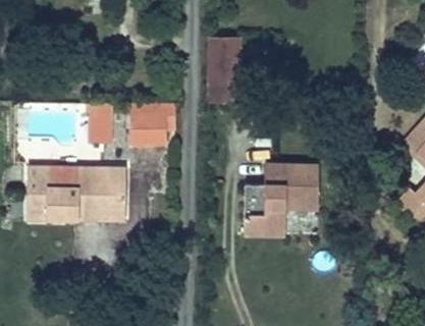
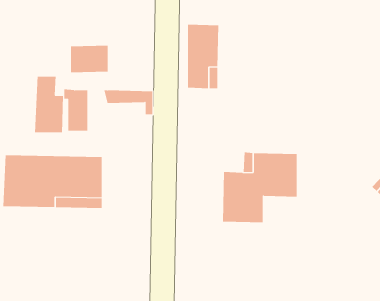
building: none -> [35,76,63,133]
building: [129,115,167,143] -> [70,45,108,73]

